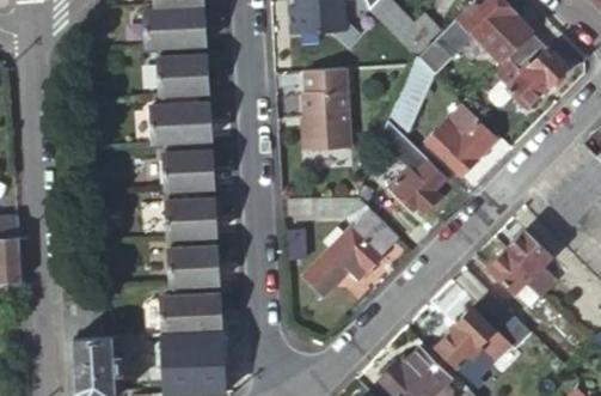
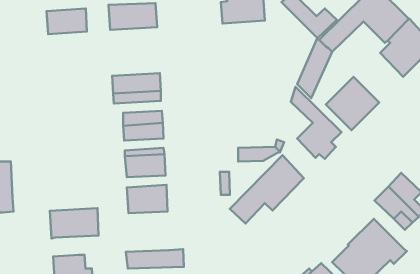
building: [157,54,209,87] -> [46,8,87,34]
building: [303,66,351,148] -> none
building: [159,296,222,335] -> [50,208,99,238]

